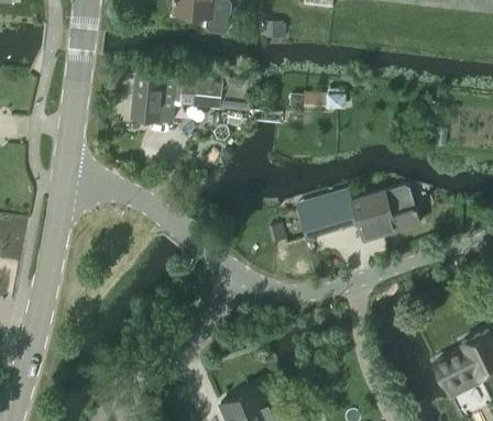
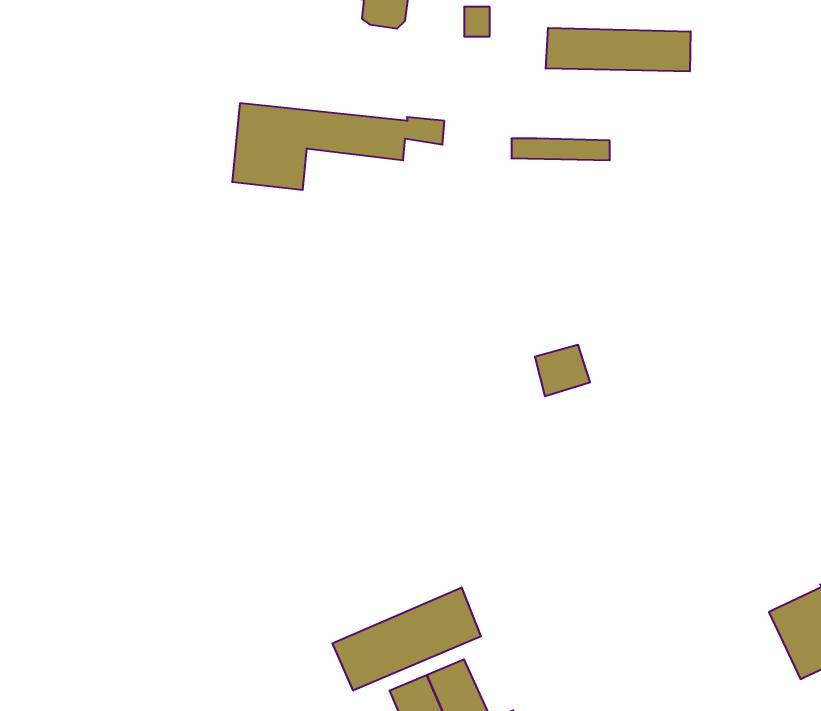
building: none -> [546,28,691,71]
building: [326,184,419,241] -> none
building: none -> [332,587,481,691]

